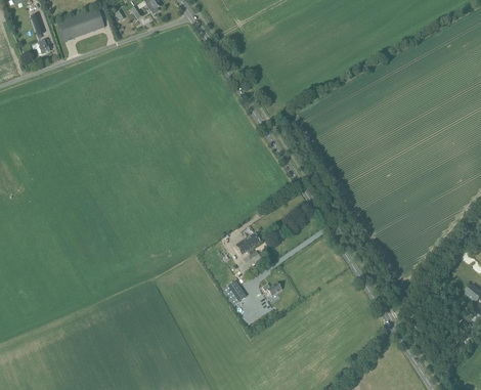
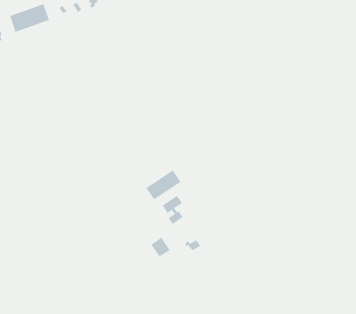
building: none -> [145,169,181,200]

